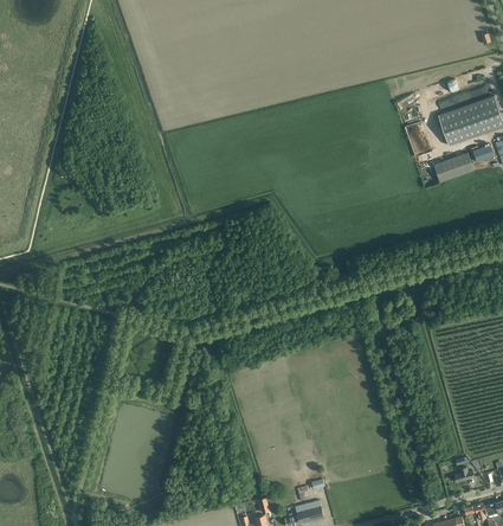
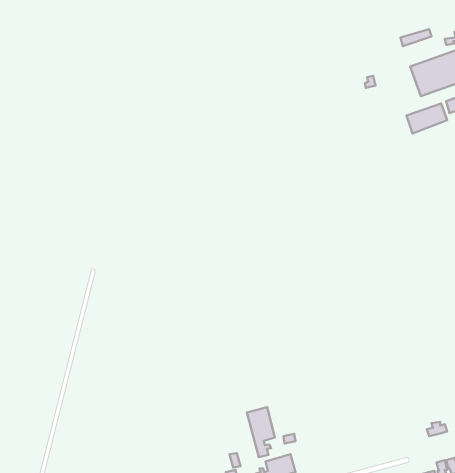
building: none -> [247,407,275,457]

